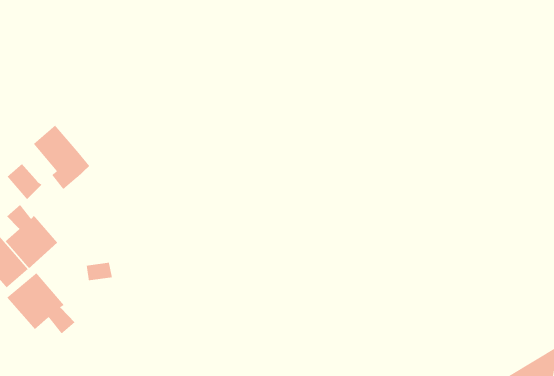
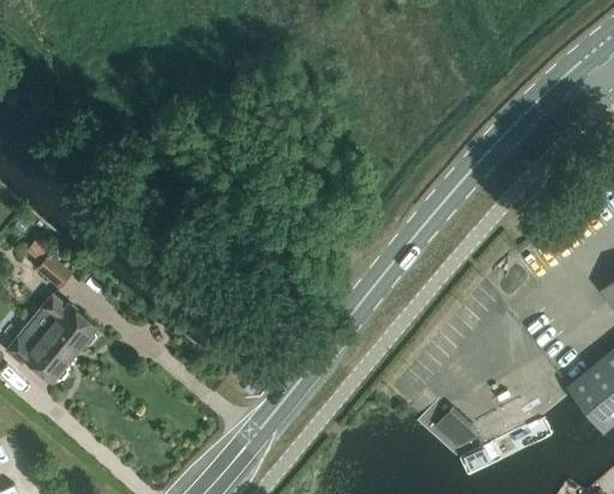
building: [33,125,90,190] -> none
building: [6,272,75,335] -> none

